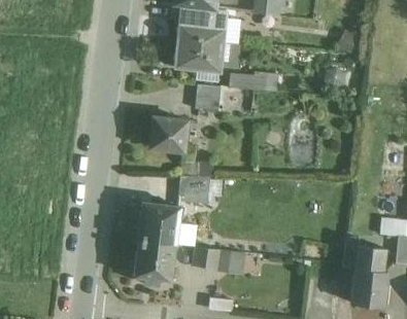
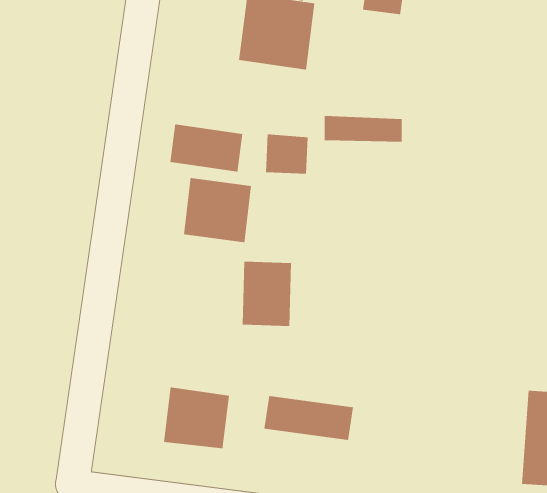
building: [176,42,222,72] -> [169,124,243,172]
building: [137,203,179,248] -> none

